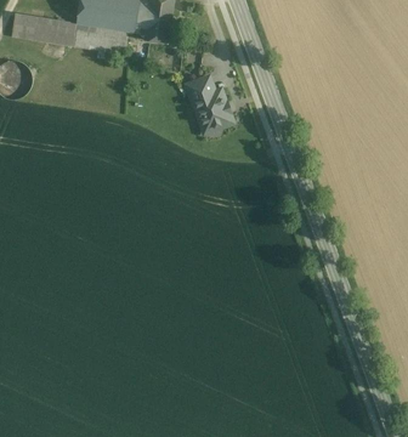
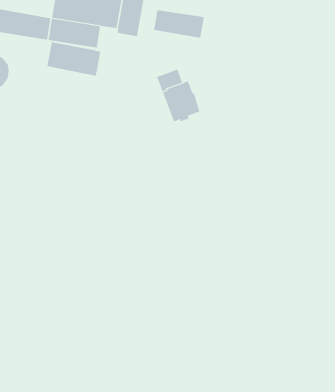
building: none -> [154,9,204,39]
building: none -> [47,41,101,76]

